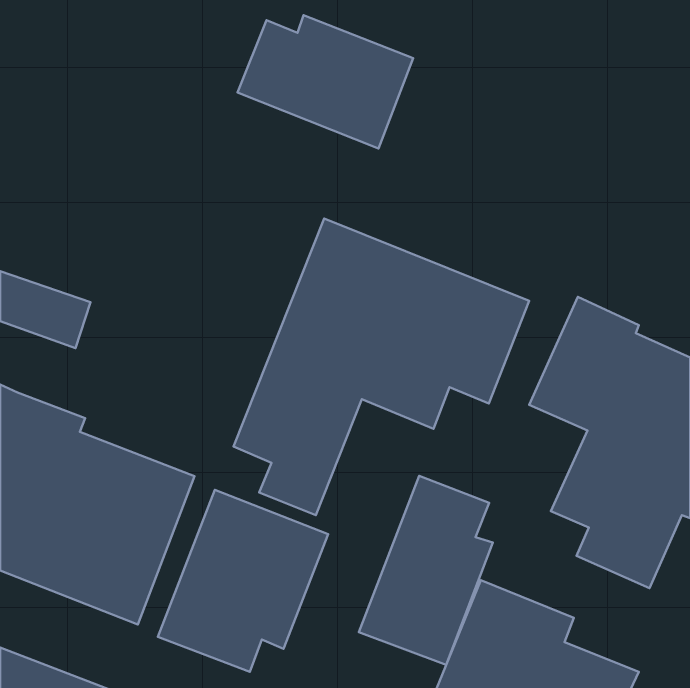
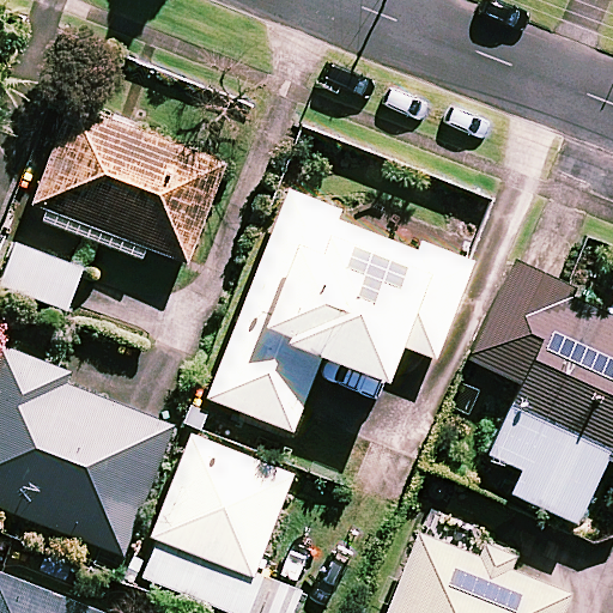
building: [238,15,413,148] -> none
building: none -> [28,107,223,273]
building: [359,476,493,665] -> none

